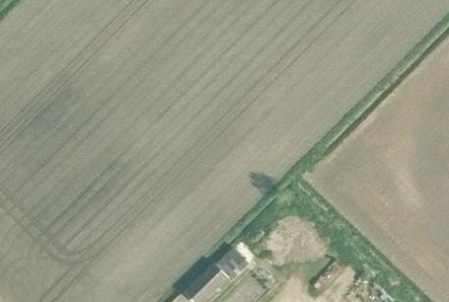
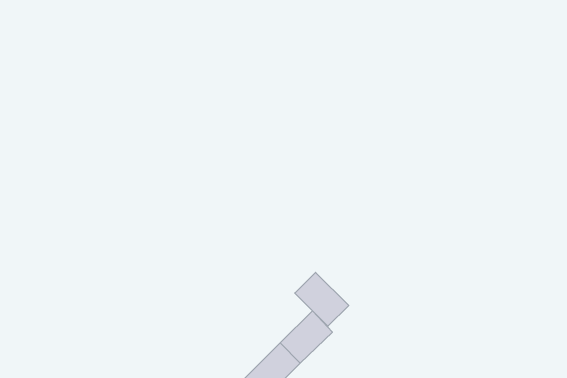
building: none -> [295,272,349,326]

